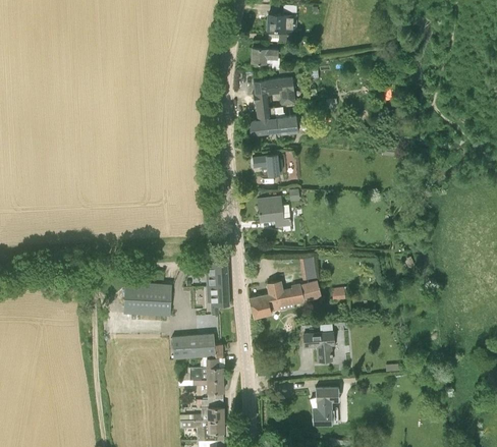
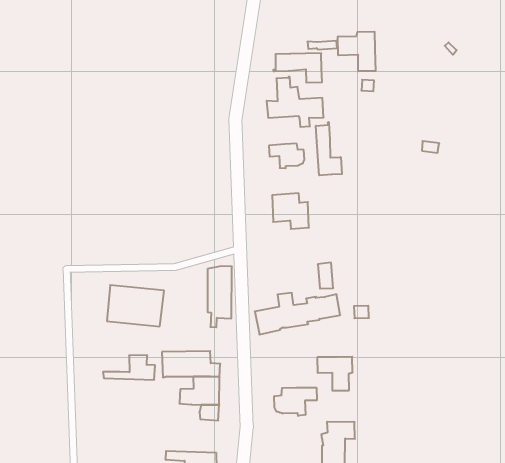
building: [251,48,277,67] -> none
building: none -> [338,32,376,71]
building: none -> [316,122,342,175]
building: none -> [274,387,317,416]
building: [179,399,223,421] -> [103,355,155,380]

